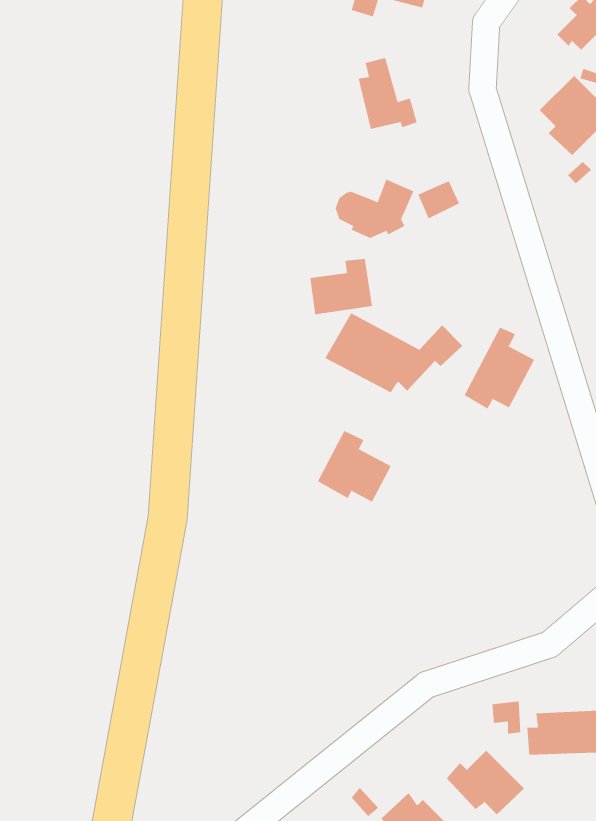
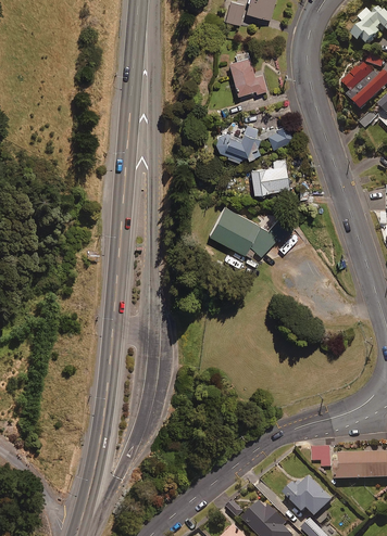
building: [309,259,373,315] -> [250,158,289,193]
building: [464,327,535,409] -> none
building: [317,430,392,502] -> none

